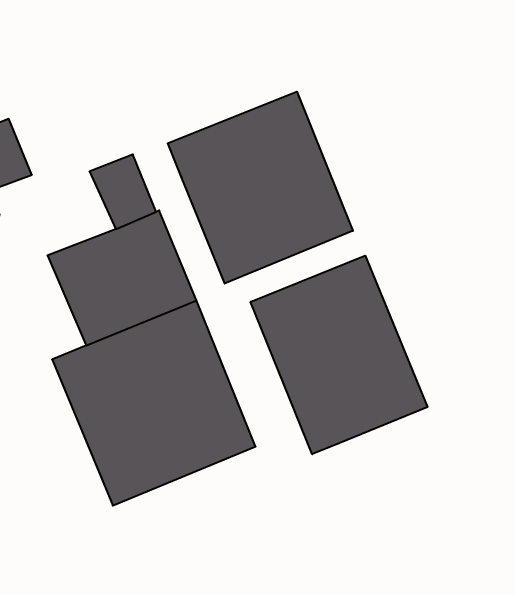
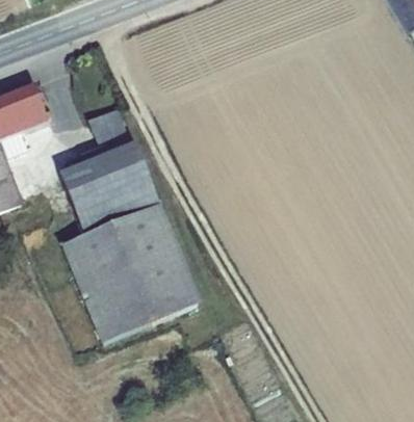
building: [168,92,353,284] -> none
building: [251,256,428,454] -> none

